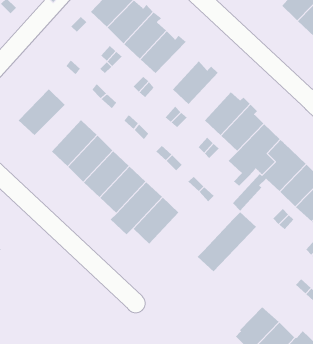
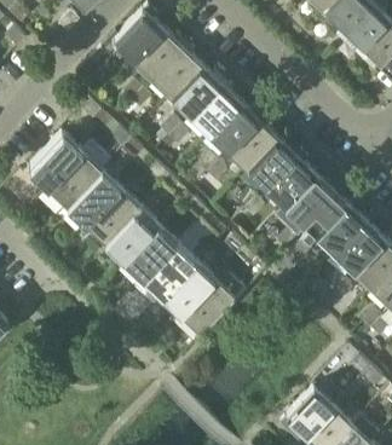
building: none -> [188,79,238,134]
building: none -> [226,115,276,171]
building: none -> [46,143,110,207]
building: [197,211,257,272] -> [173,270,243,341]

